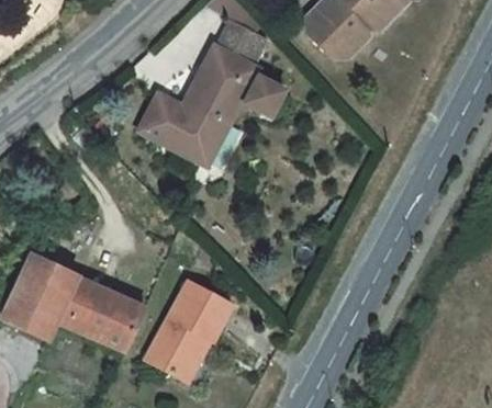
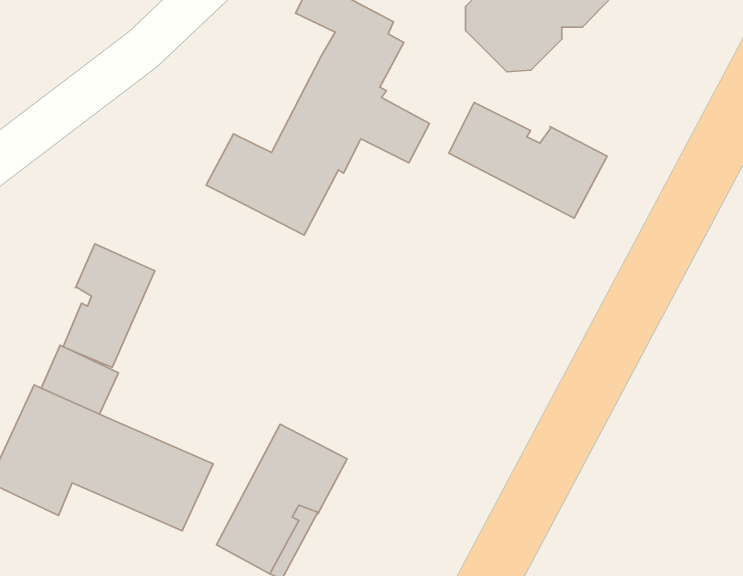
building: none -> [449,102,607,218]
building: none -> [63,244,155,367]

